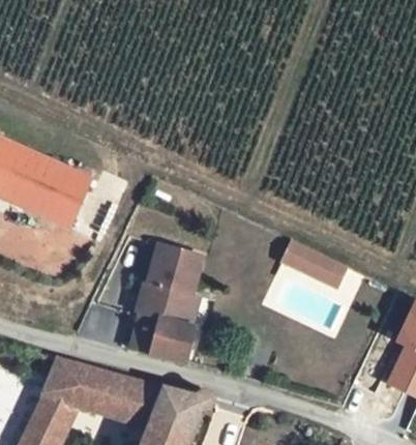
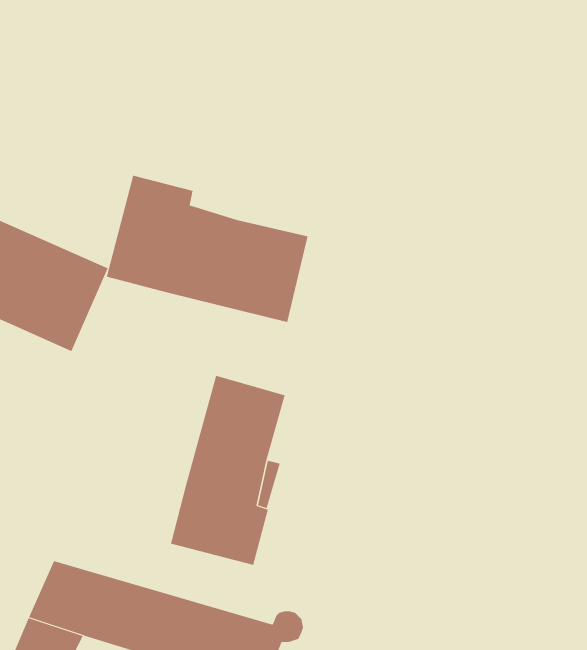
building: none -> [106,175,308,323]
building: [277,239,348,289] -> none

